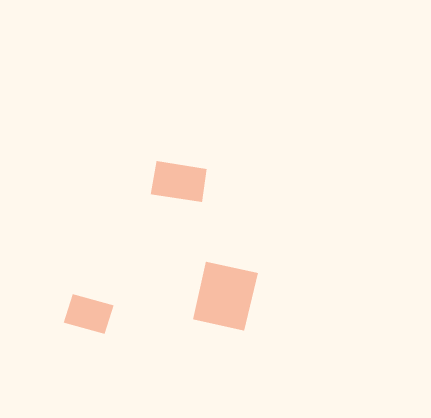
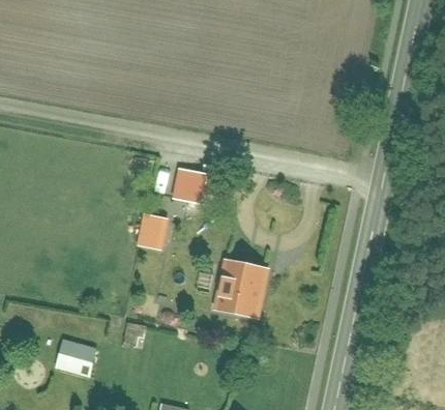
building: none -> [138,212,170,250]
building: [63,294,114,335] -> [53,340,98,376]

